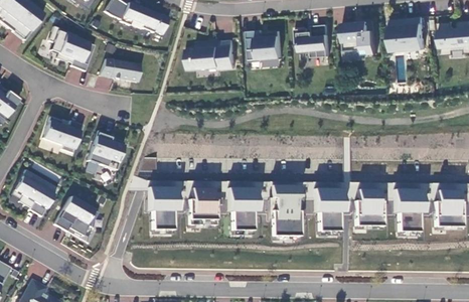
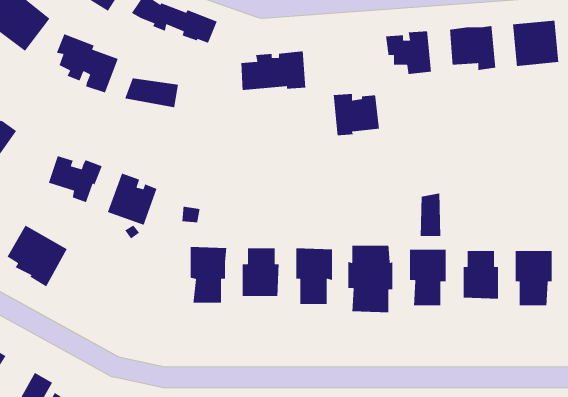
building: [247,28,282,60] -> [333,93,380,136]
building: none -> [420,193,441,237]
building: [52,196,97,236] -> none

